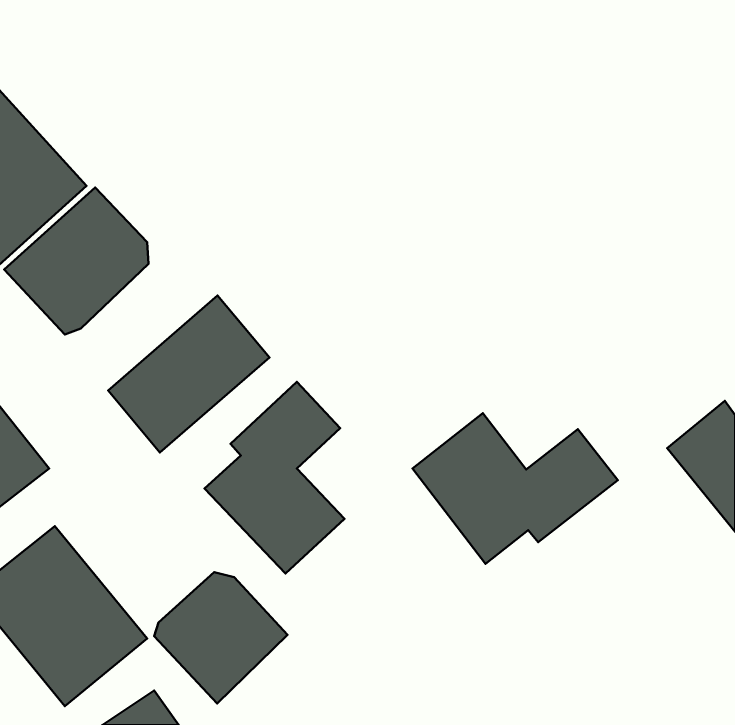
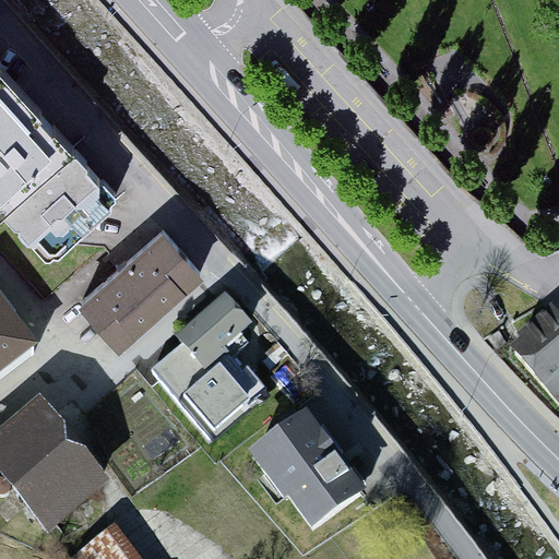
building: [413,413,618,564] -> none
building: none -> [252,414,369,536]
building: [154,572,287,703] -> none

